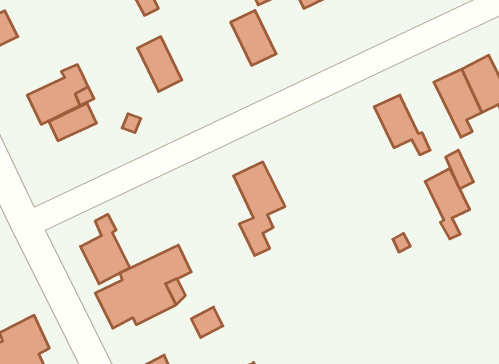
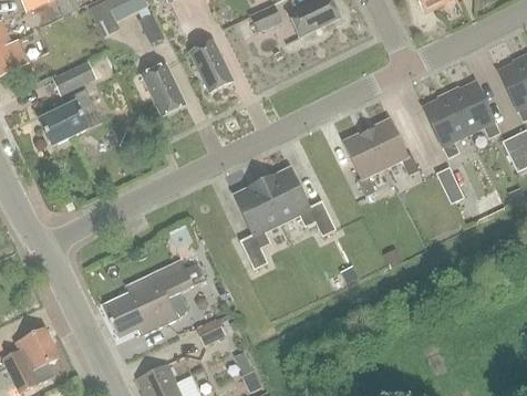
building: [231,10,276,65] -> [190,39,234,91]
building: [49,103,97,141] -> [50,59,95,94]
building: none -> [261,166,337,236]
building: [425,169,470,239] -> [343,128,385,195]
building: [80,214,130,284] -> none

